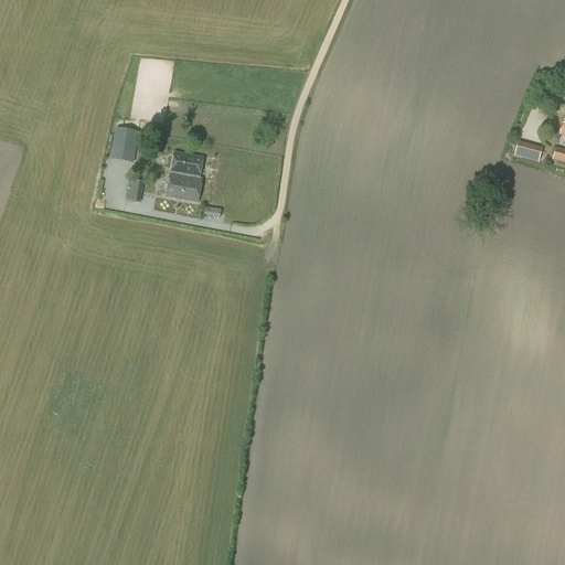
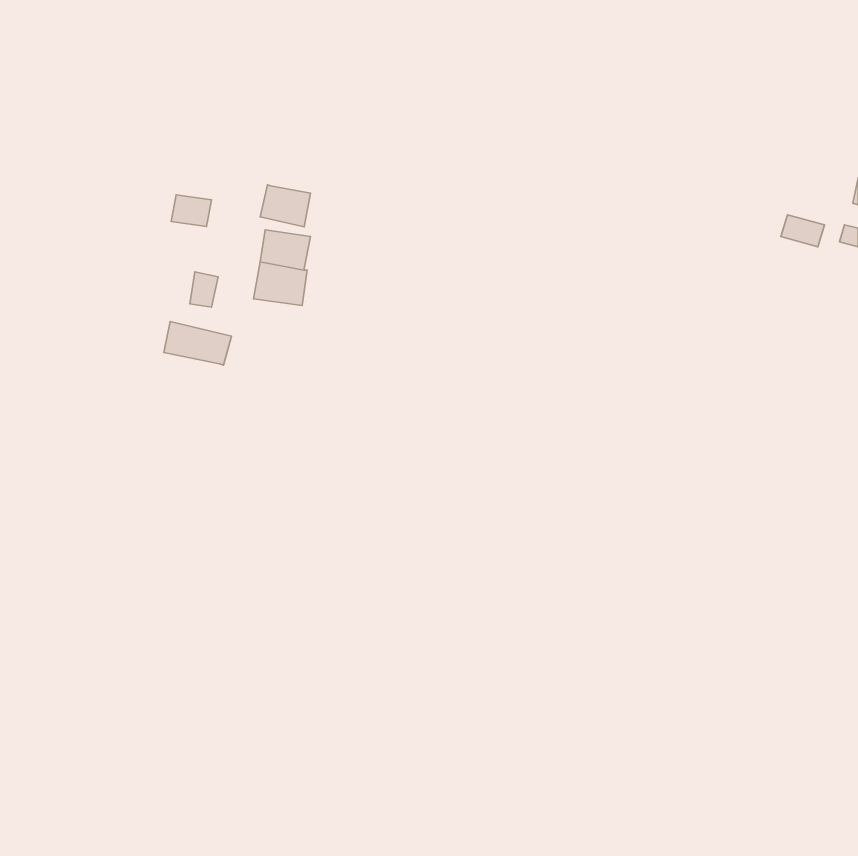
building: none -> [260,185,310,227]
building: none -> [164,321,231,365]

